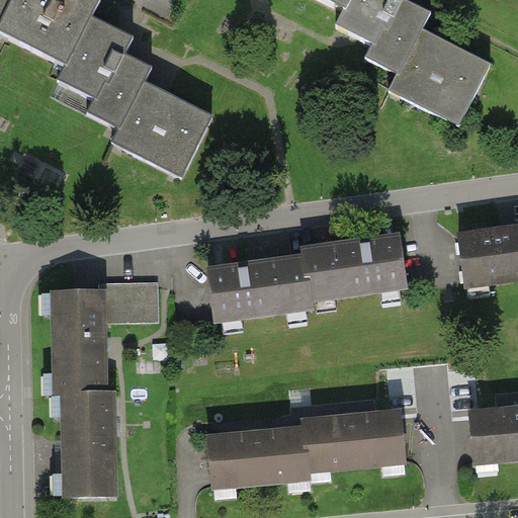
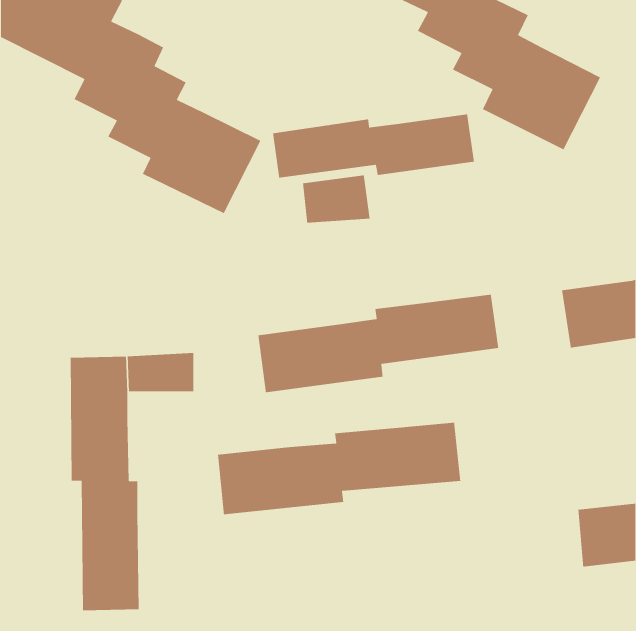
building: none -> [272,114,475,179]
building: none -> [302,174,370,224]
building: [206,412,405,488] -> [217,422,461,515]

